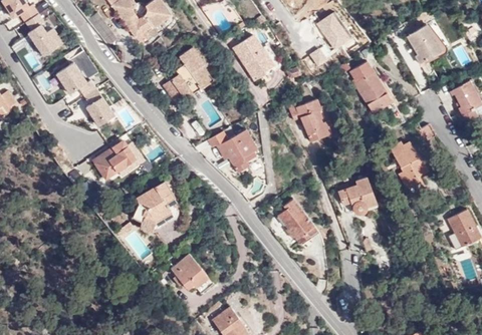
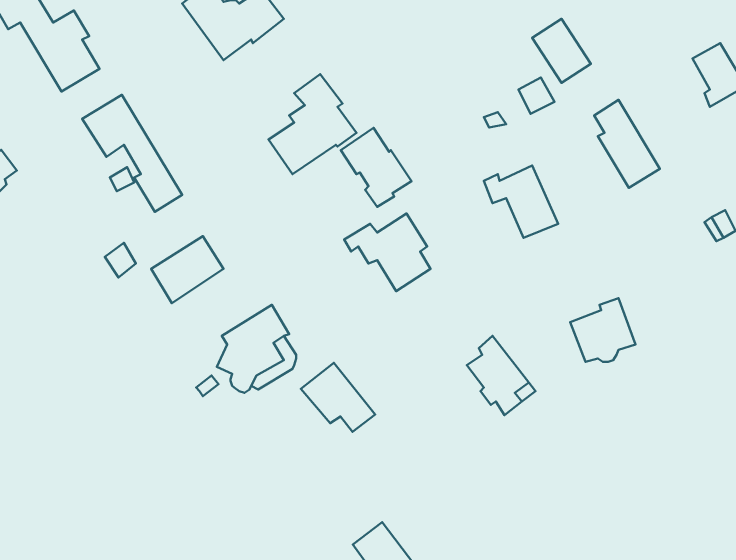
building: [234,34,275,80] -> [341,128,412,207]
building: [391,141,428,188] -> none
building: [171,254,214,294] -> [301,363,375,432]

